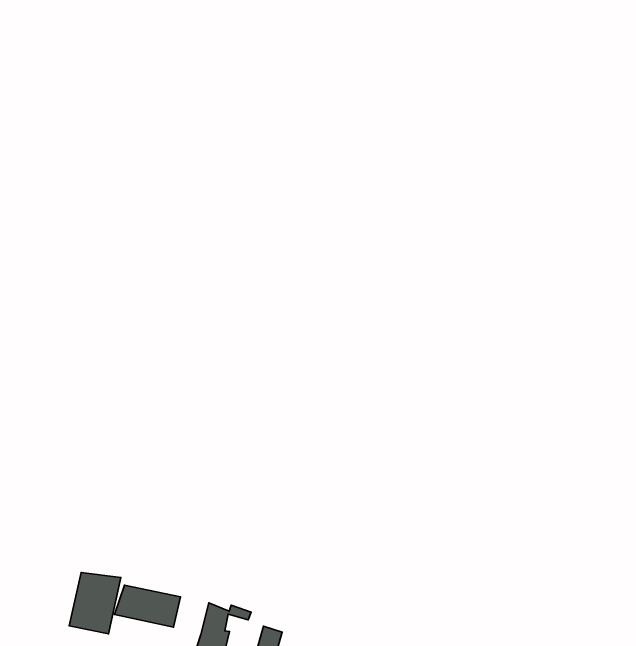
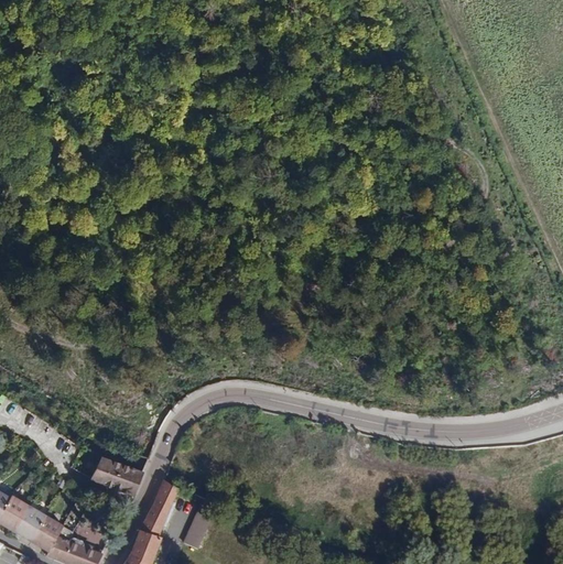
building: [69,572,121,634] -> none

